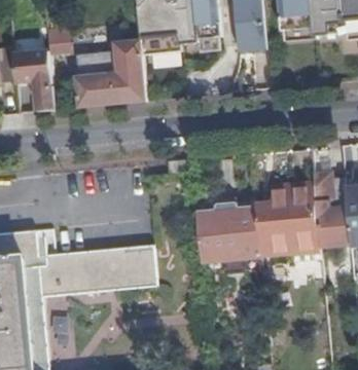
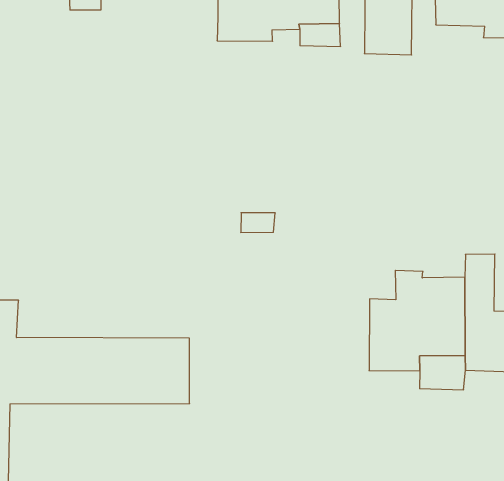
building: [76,40,149,108] -> none
building: [13,51,56,113] -> none
building: [198,208,260,262] -> none

